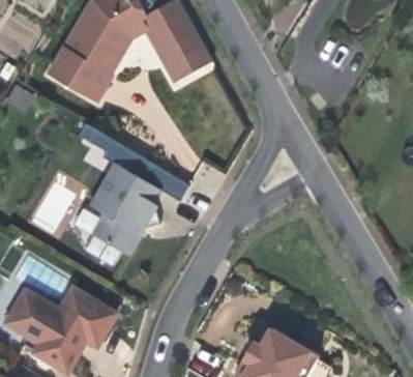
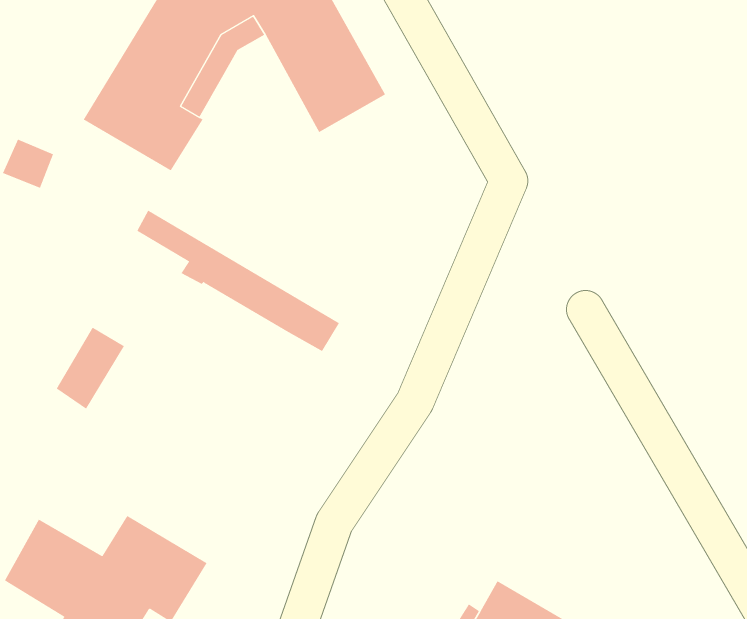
building: [87,164,158,257] -> none

